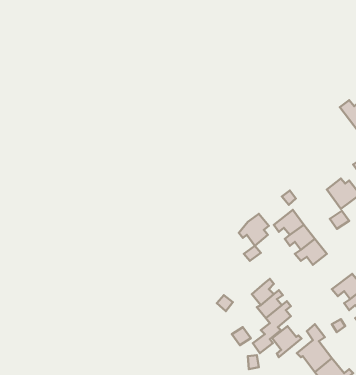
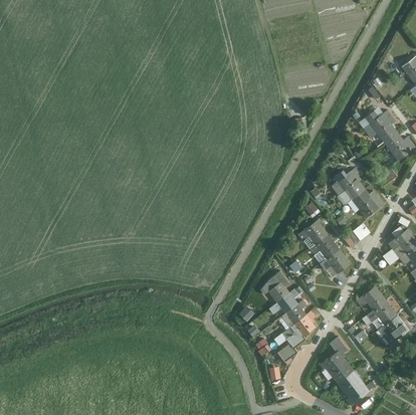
building: none -> [336,169,364,201]
building: [239,214,269,246] -> [258,273,288,305]
building: [272,326,302,357] -> none

